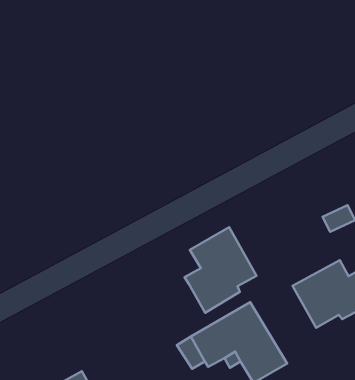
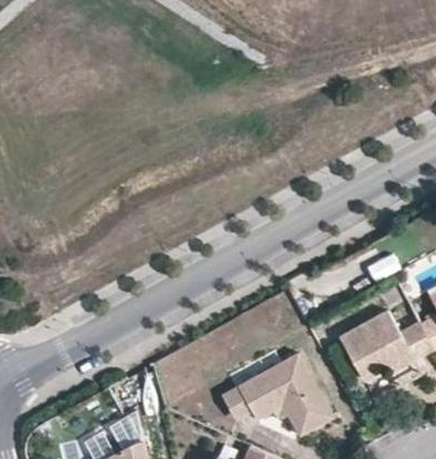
building: [185,227,257,313] -> none

